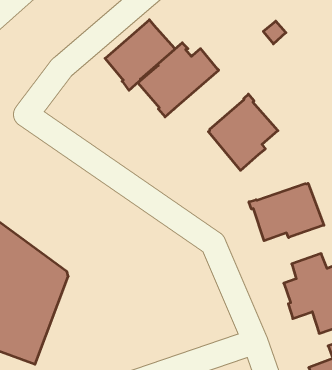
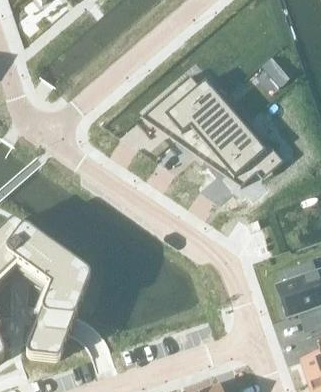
building: [105,20,175,90] -> [182,99,243,161]
building: [249,183,324,241] -> none

